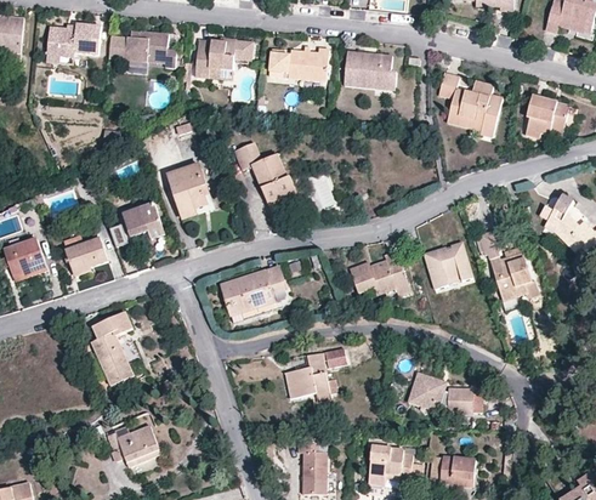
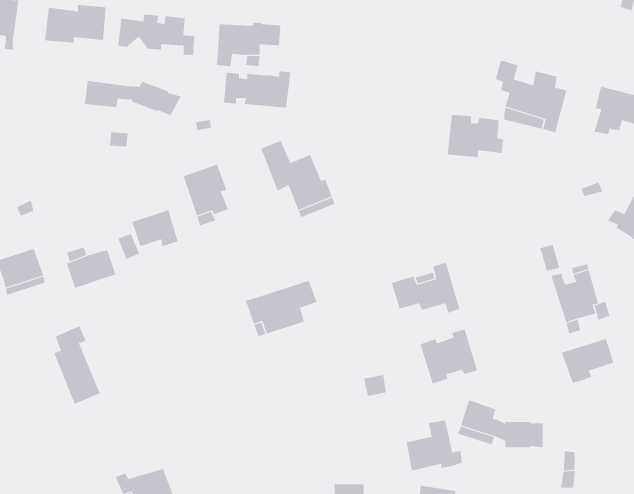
building: [268,47,328,80] -> [223,71,291,108]
building: [345,51,395,89] -> [447,115,504,158]
building: none -> [84,80,182,116]
building: [422,239,473,288] -> [420,329,478,384]
building: none -> [561,338,614,384]
building: [93,316,135,385] -> [53,325,101,404]
building: [286,352,336,397] -> [406,420,463,471]

